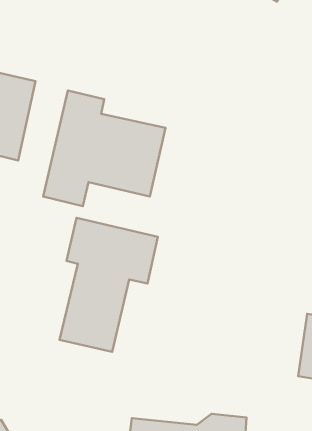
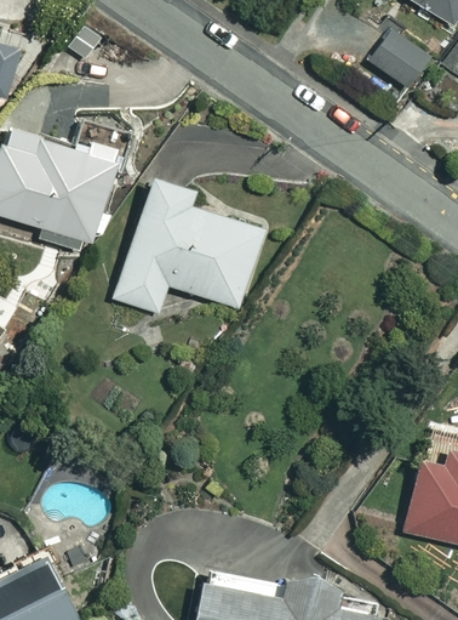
building: [60,218,158,352] -> none

